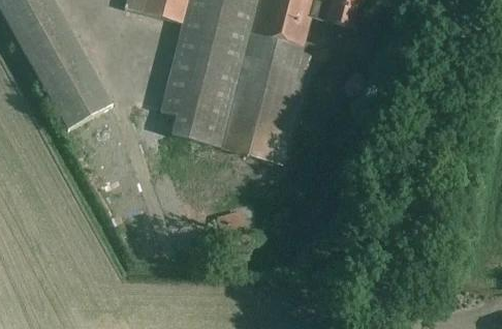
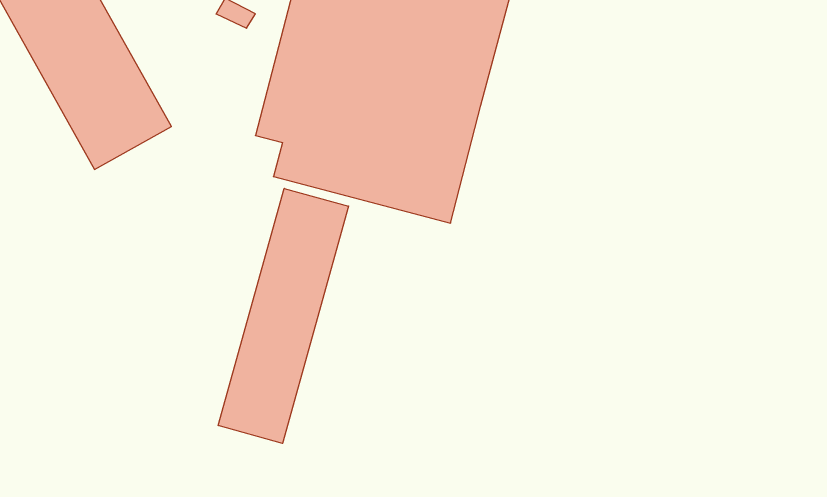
building: none -> [218,188,349,443]

